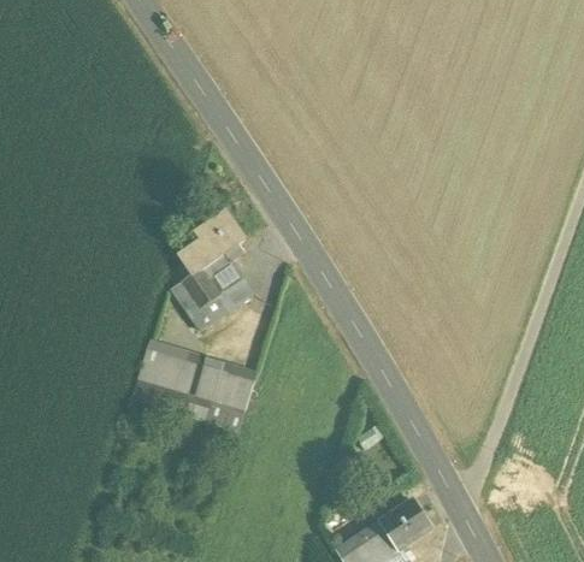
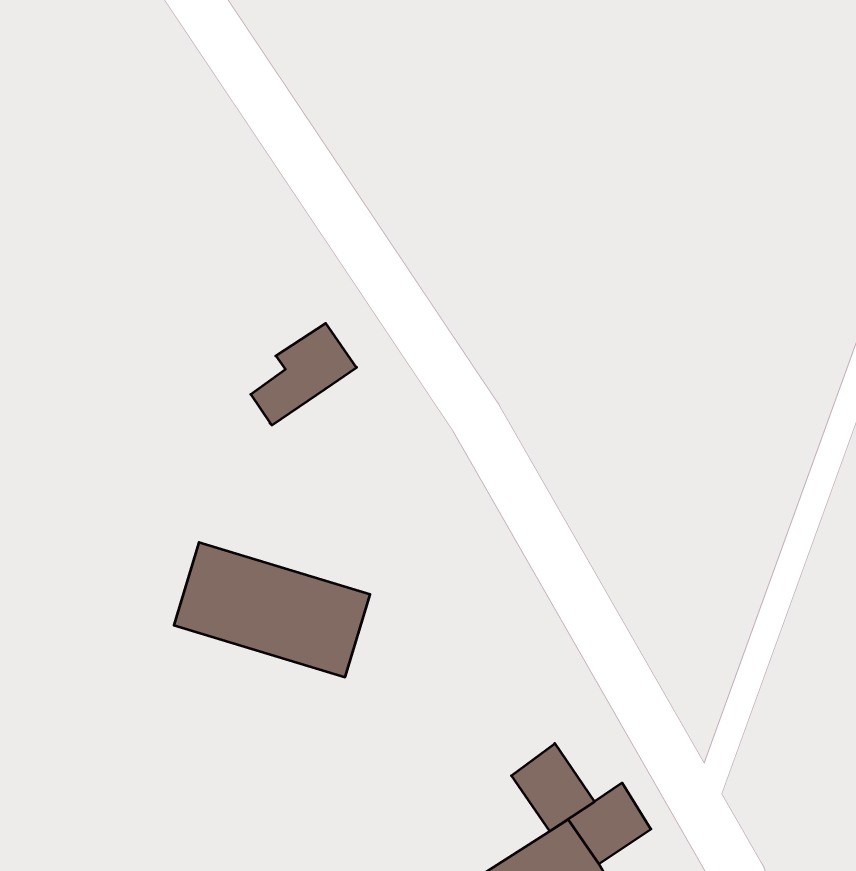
building: [172,252,254,330] -> none
building: none -> [511,743,594,831]

